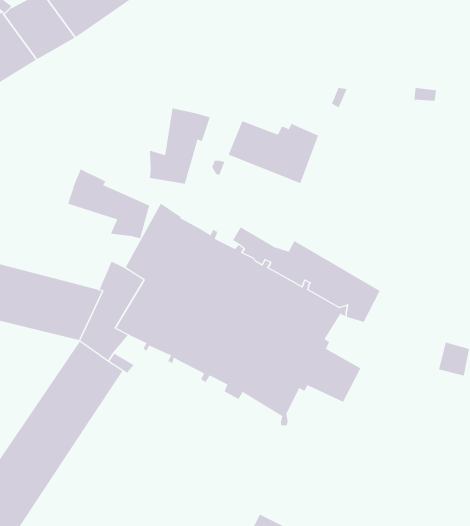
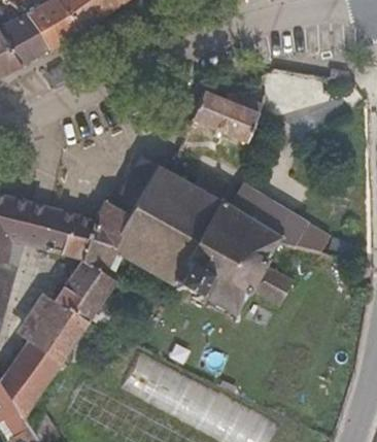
building: [149,108,210,184] -> none
building: [67,168,150,239] -> none

